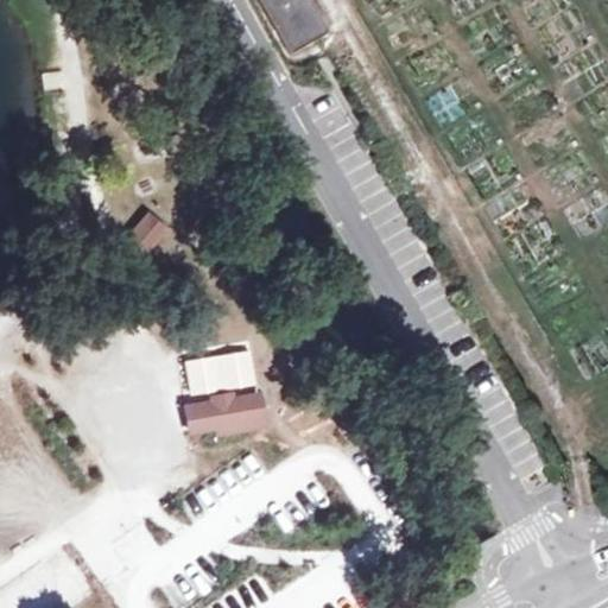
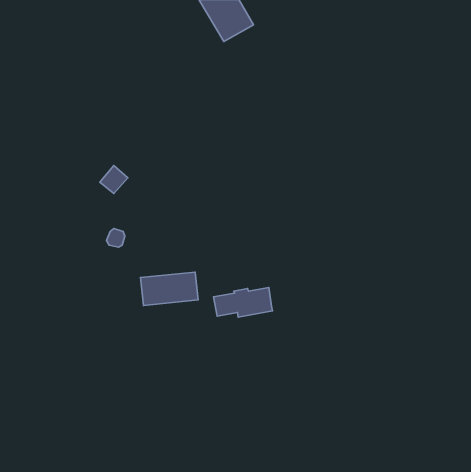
building: [186,394,262,432] -> [213,288,273,317]

